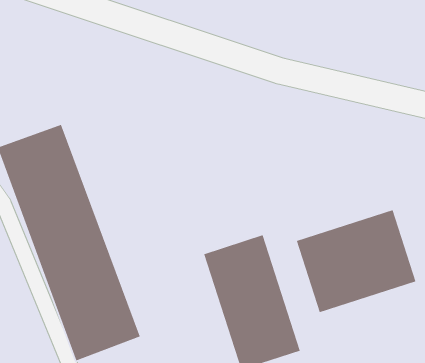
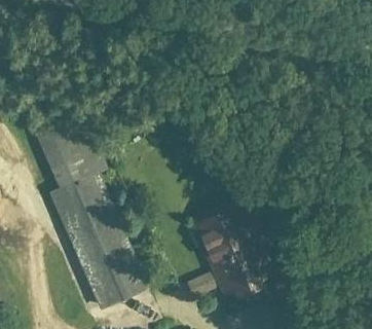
building: [296,209,416,313] -> none

